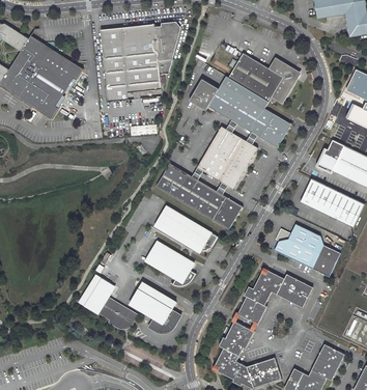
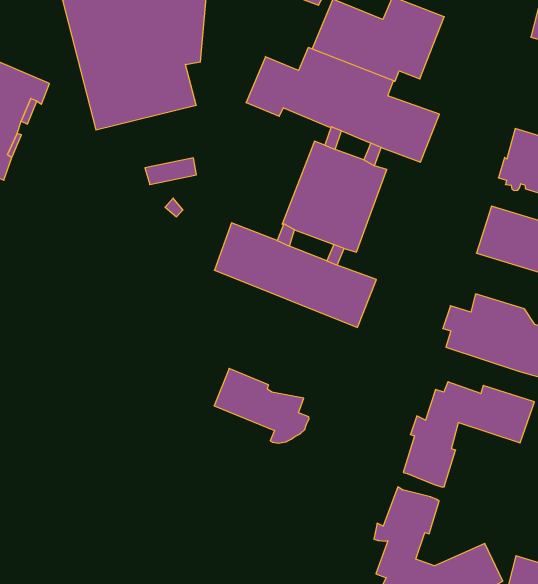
building: [152,204,217,250] -> none
building: [77,276,135,329] -> none
building: [129,282,180,332] -> none

